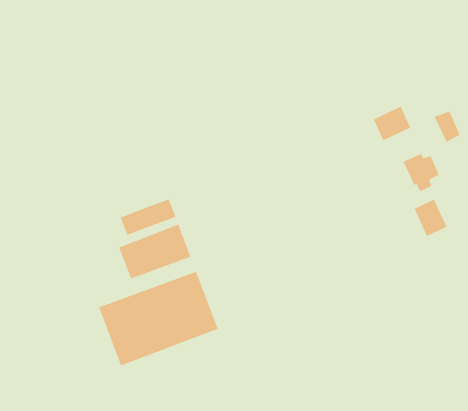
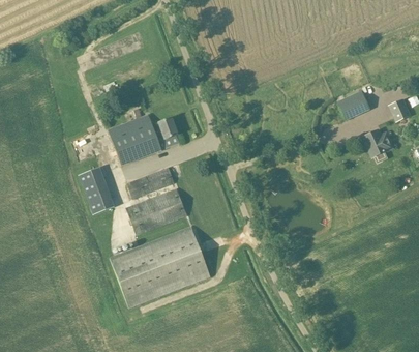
building: none -> [109,114,178,166]
building: [414,198,447,237] -> none
building: none -> [79,168,115,215]

